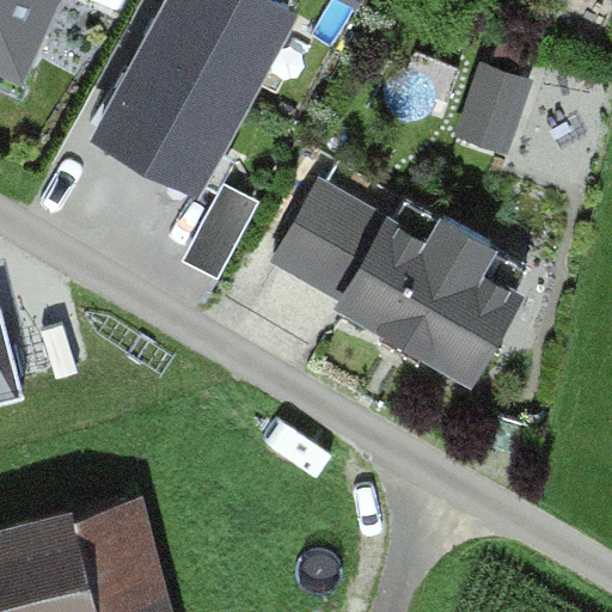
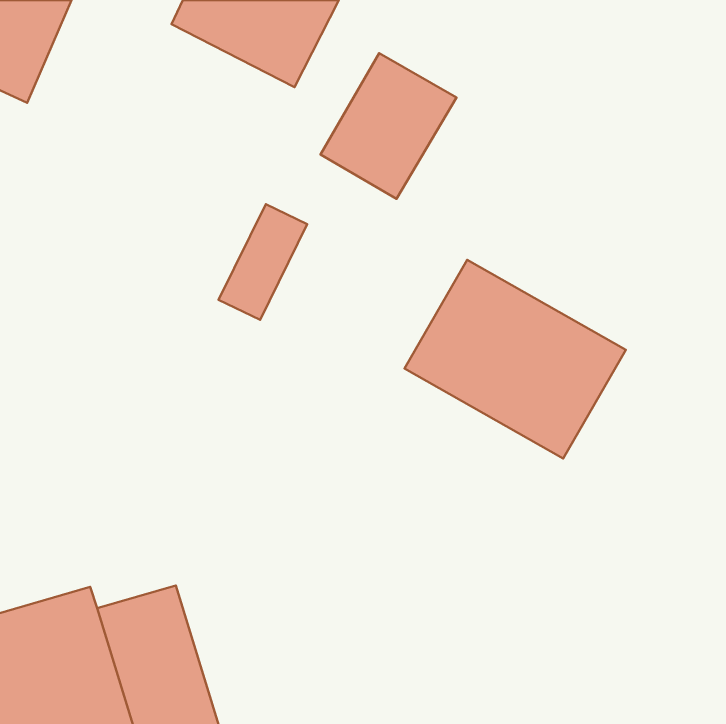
building: [93,25,246,175] -> none
building: [455,65,536,159] -> none
building: [270,182,384,304] -> [321,53,456,199]

